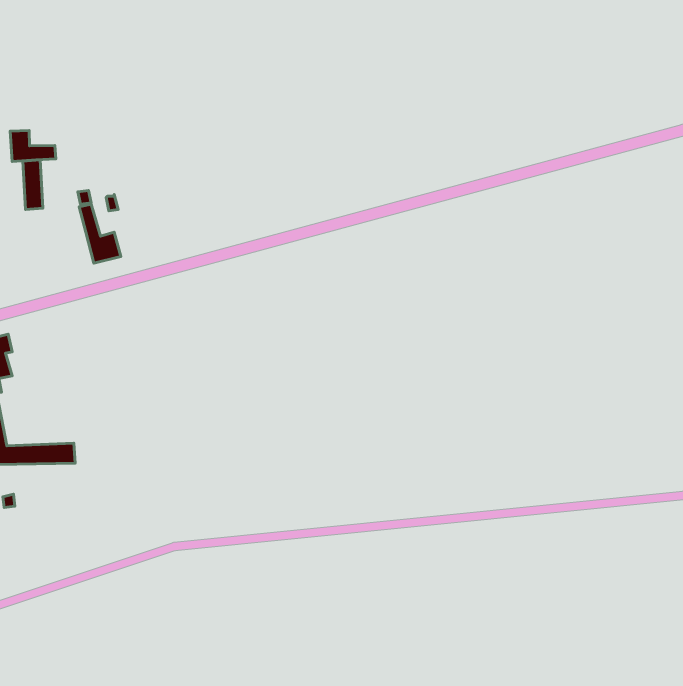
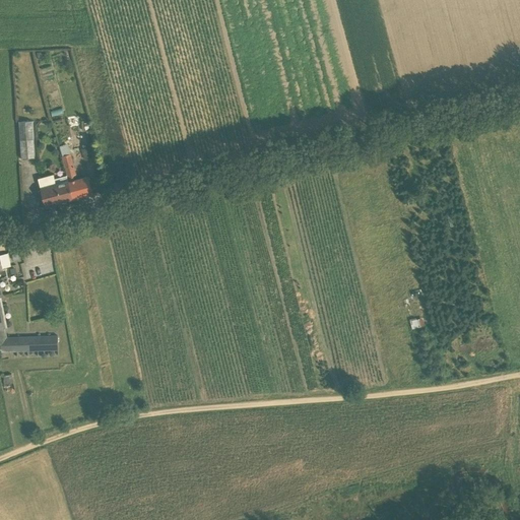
building: [10,130,56,161] -> none
building: none -> [36,175,71,206]

